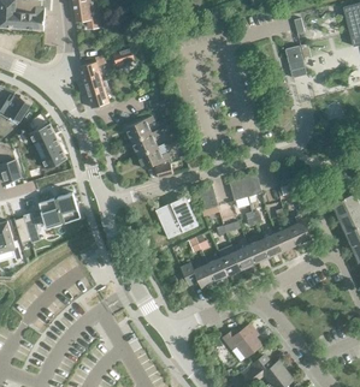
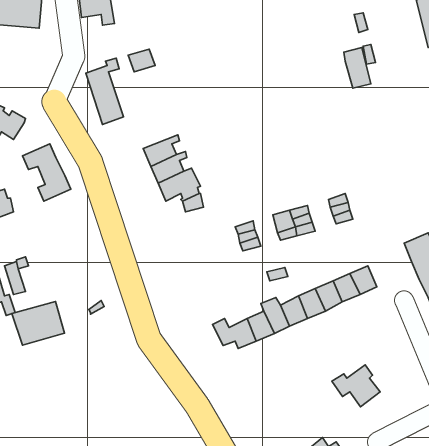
building: [37,192,79,227] -> [12,302,65,345]
building: [155,196,197,238] -> none
building: [223,323,261,357] -> [332,365,380,407]

